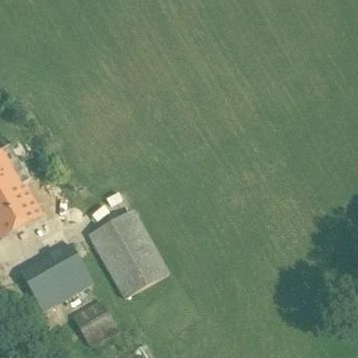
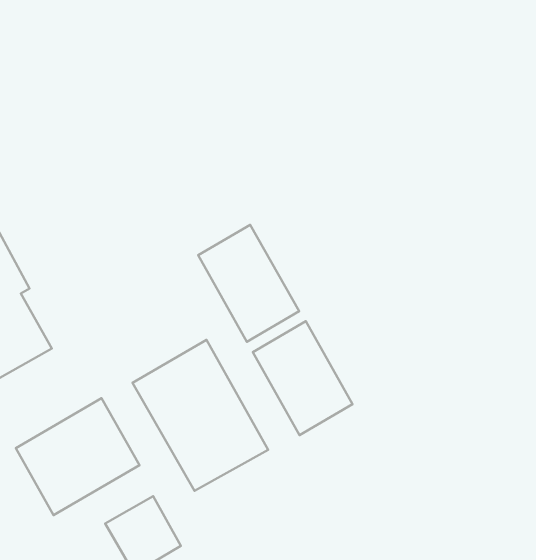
building: none -> [198,225,299,342]
building: none -> [253,321,353,435]

